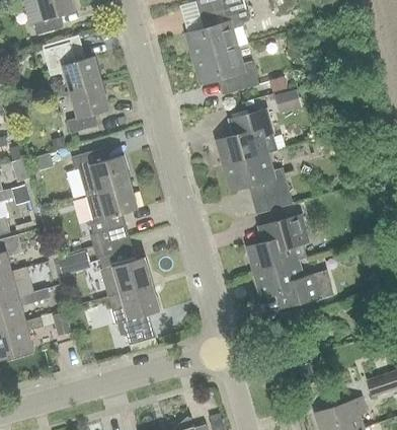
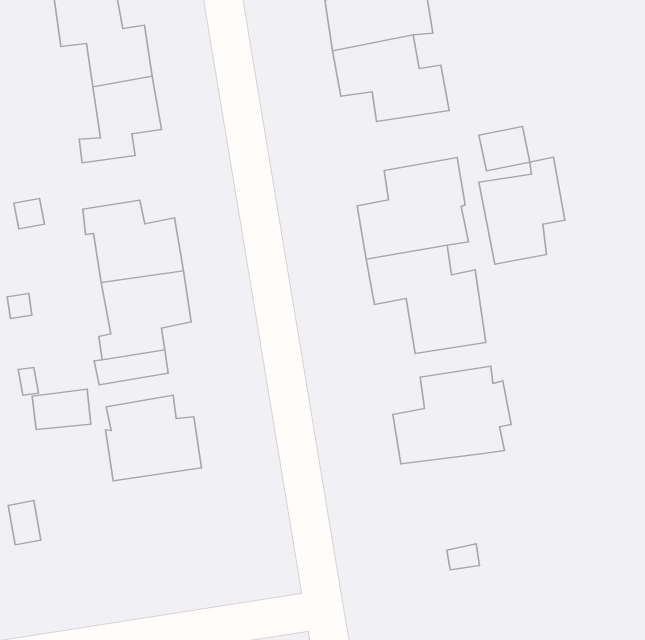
building: none -> [479,157,565,264]
building: [254,261,332,306] -> none
building: [104,285,158,346] -> none

